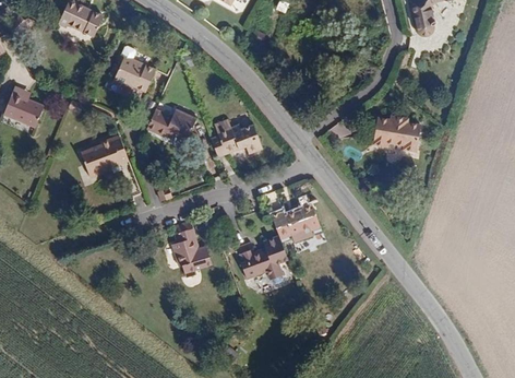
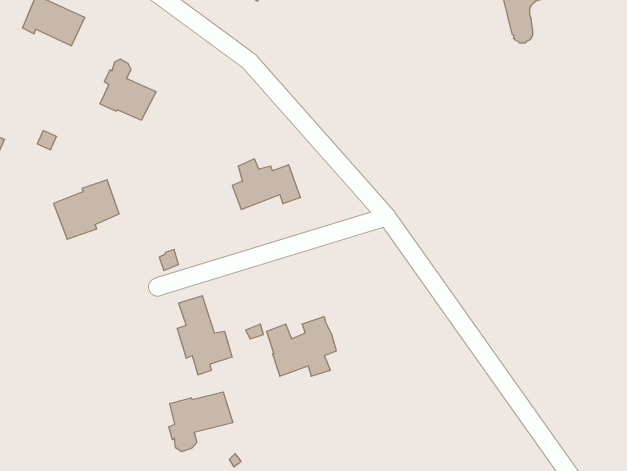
building: [147,109,196,142] -> none
building: [373,116,420,151] -> none
building: [272,204,321,249] -> none
building: none -> [169,392,233,452]

